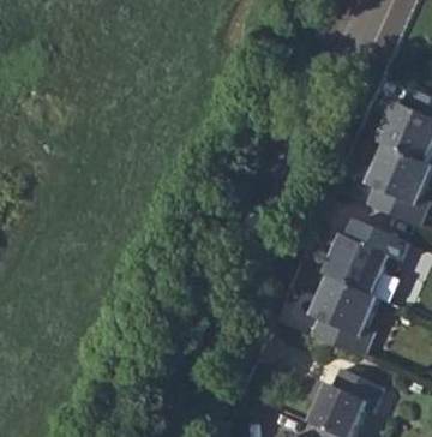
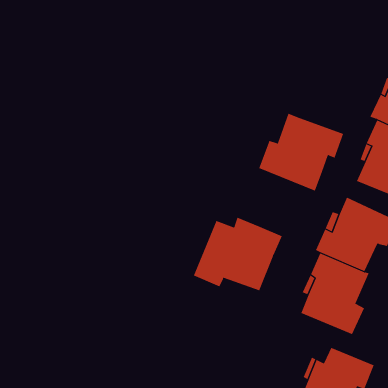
building: none -> [258,113,344,192]
building: none -> [193,217,282,291]

